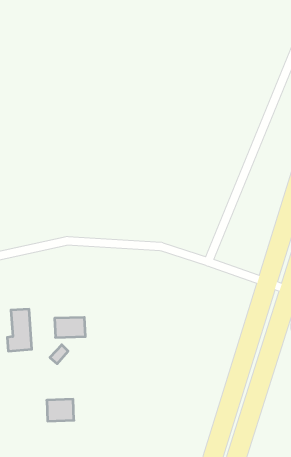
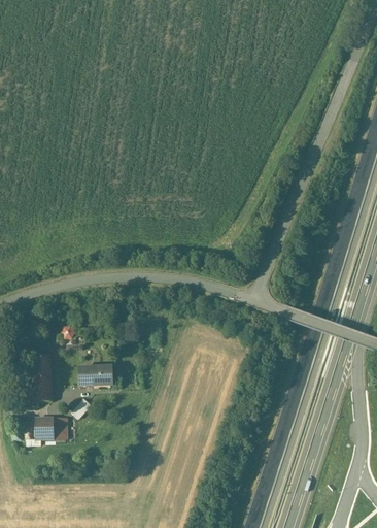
building: [47,399,74,421] -> [31,416,62,440]

